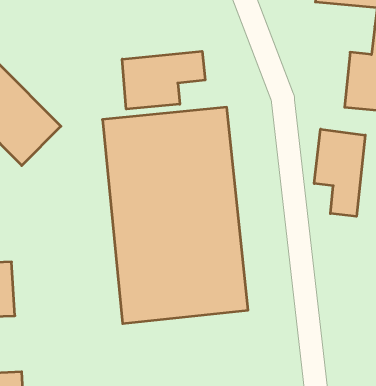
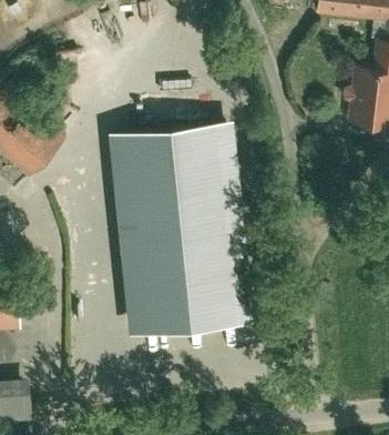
building: [122,51,205,109] -> none
building: [314,129,365,216] -> none

